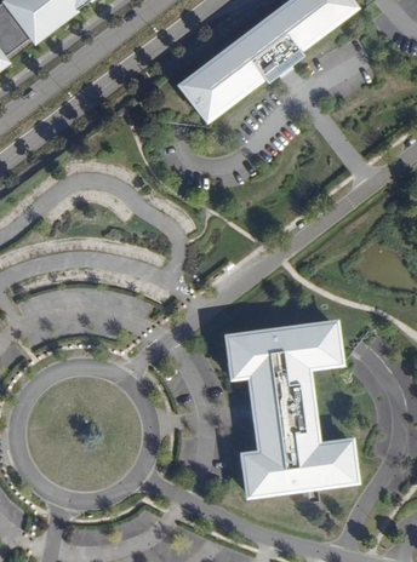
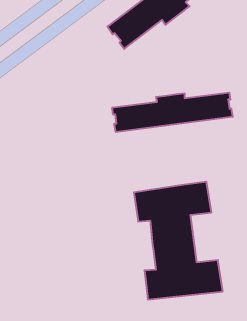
building: none -> [112,93,233,132]

